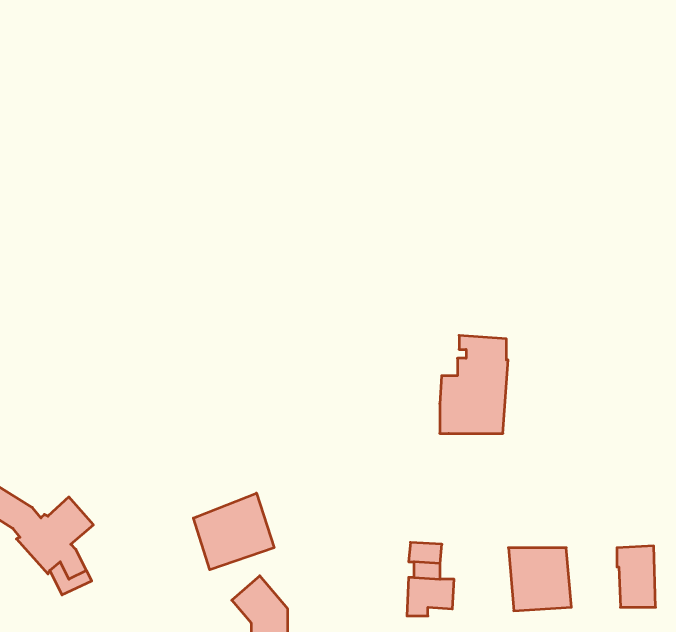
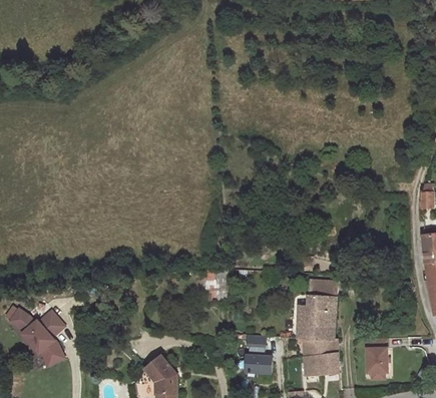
building: [440,335,508,433] -> [298,283,337,339]
building: [193,493,274,570] -> none

